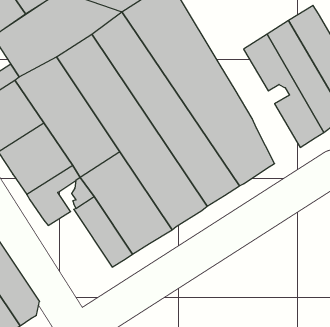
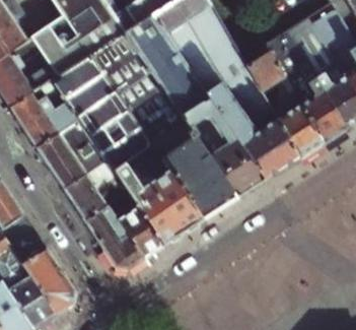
building: none -> [246,51,323,159]
building: none -> [83,203,144,268]

